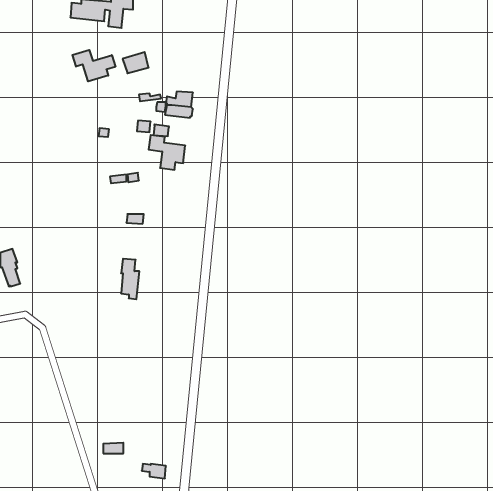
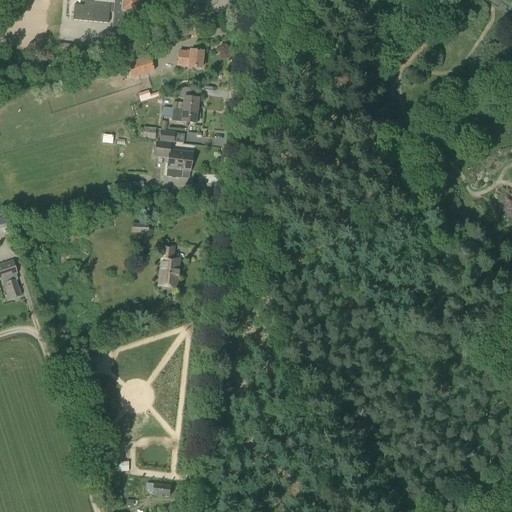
building: none -> [178,49,203,67]
building: [72,50,115,81] -> none
building: [121,259,139,299] -> [159,244,178,286]

